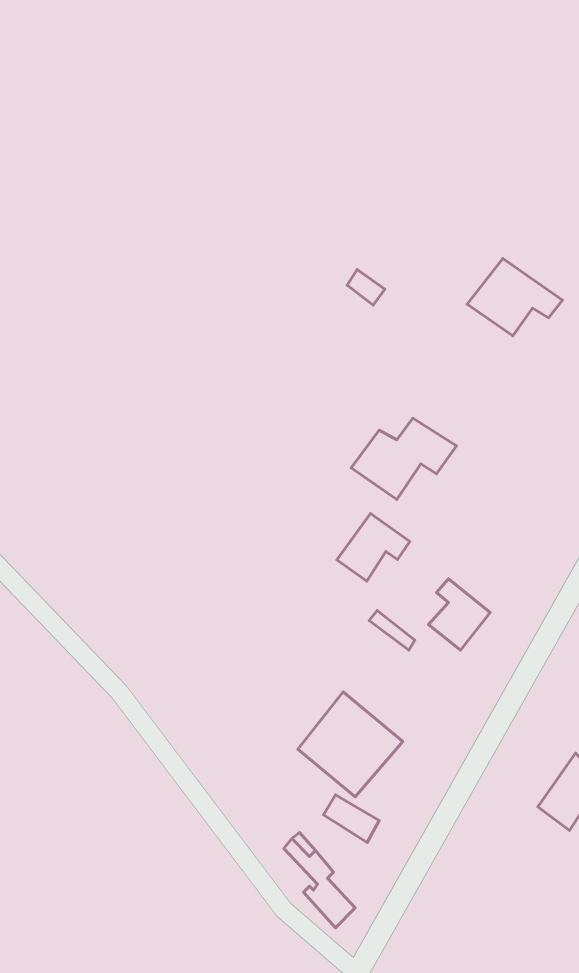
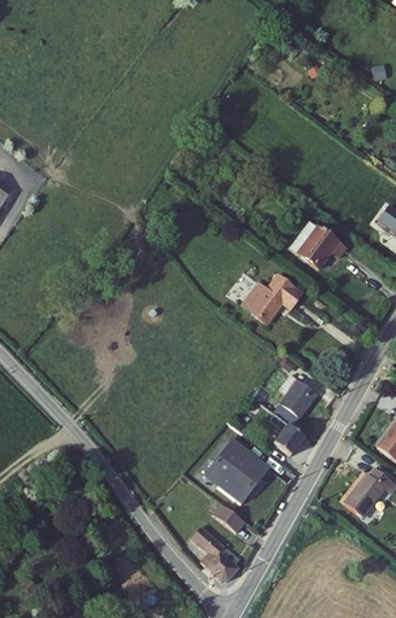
building: [467,258,562,336] -> [289,217,346,264]
building: [337,513,410,581] -> none
building: none -> [272,413,305,450]

